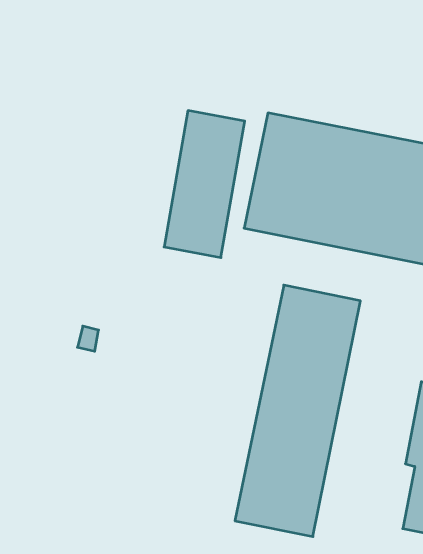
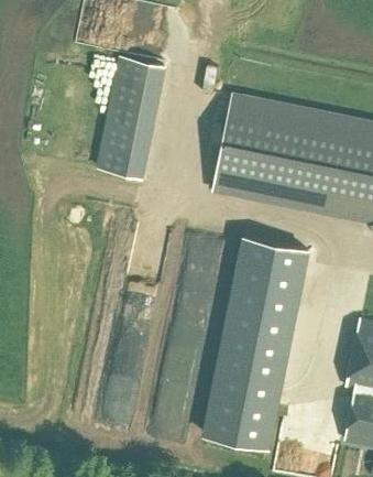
building: [164,111,245,258] -> [96,54,163,176]

